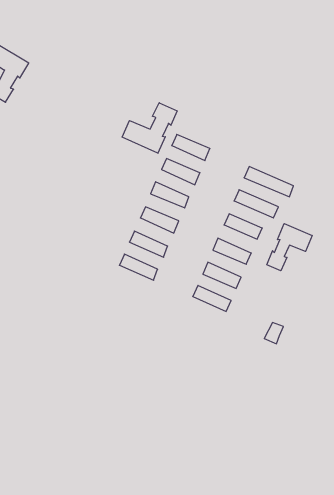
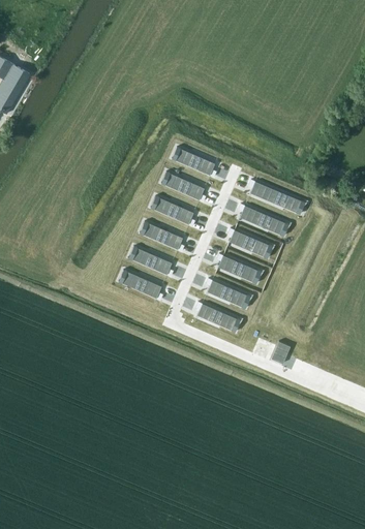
building: [122,103,177,153] -> none
building: [267,224,312,271] -> none

